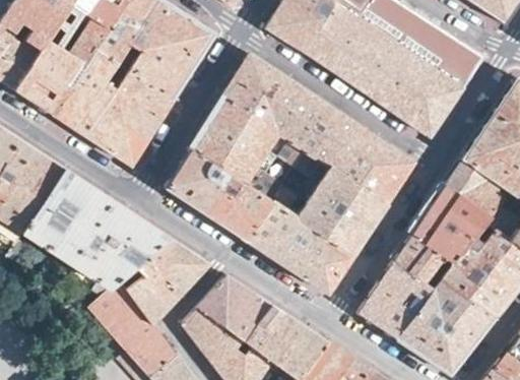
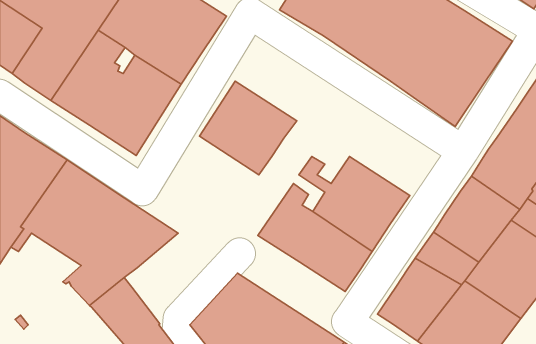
building: [224,53,413,202] -> none
building: [168,146,284,240] -> none
building: [127,238,210,323] -> none

